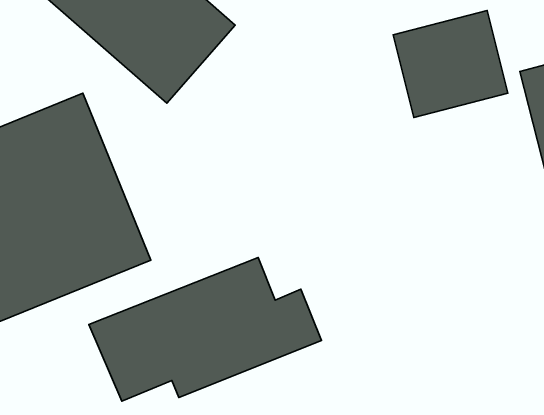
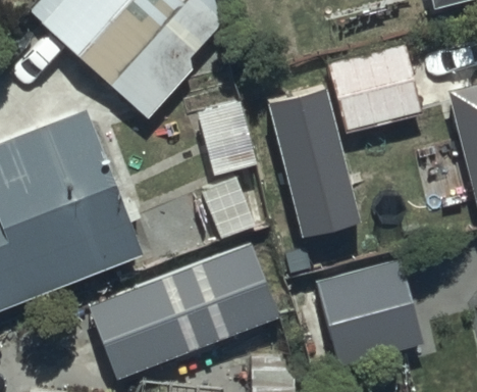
building: none -> [281,86,374,236]
building: none -> [317,261,428,366]

